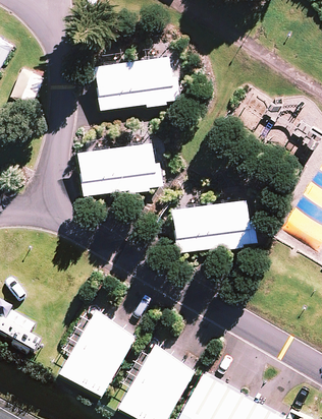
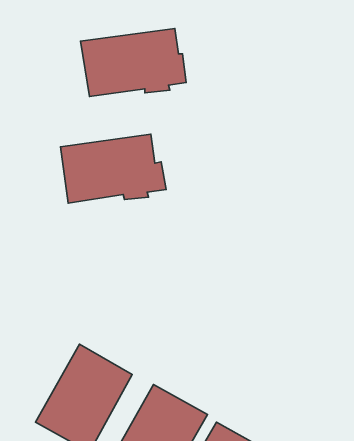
building: [170,198,257,254] -> none

